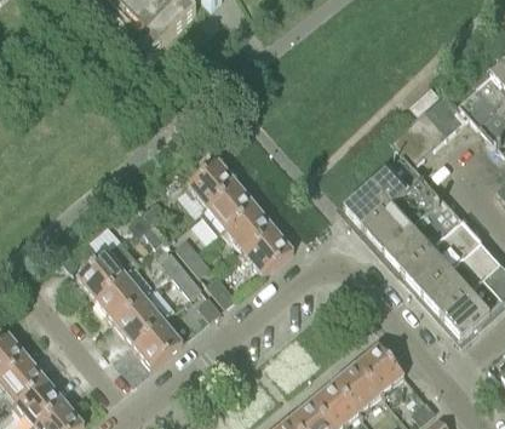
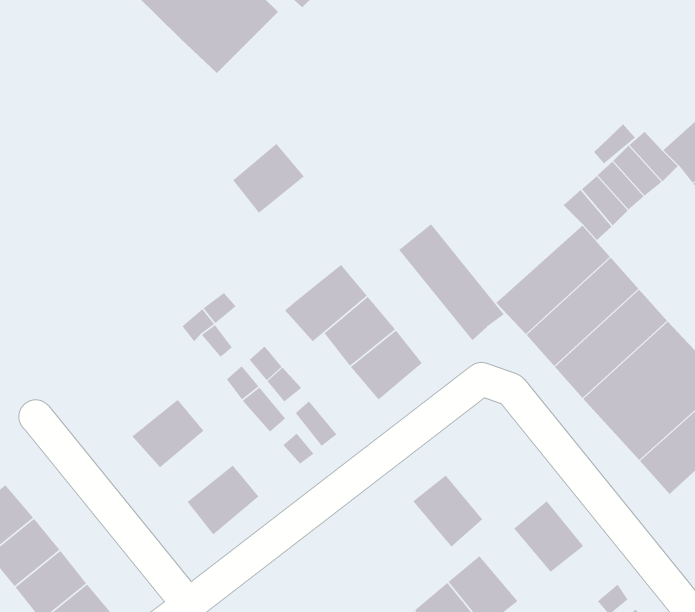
building: none -> [398,223,505,341]
building: [188,159,237,207] -> [232,143,305,214]
building: [76,240,139,299] -> none
building: [114,296,163,344] -> none
building: [332,362,380,412] -> [412,475,483,547]

